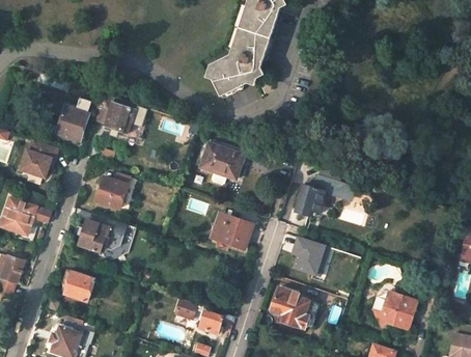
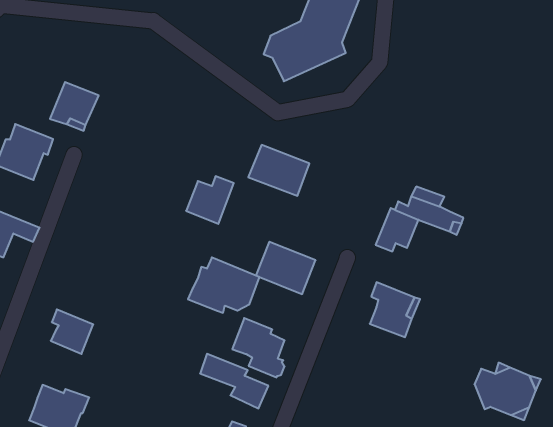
building: [92,92,134,132] -> none
building: [95,173,129,208] -> [186,176,234,224]
building: [77,213,128,252] -> [188,257,260,313]
building: [271,286,309,328] -> [232,318,285,377]

